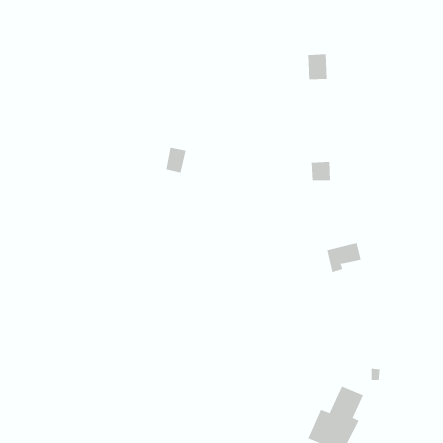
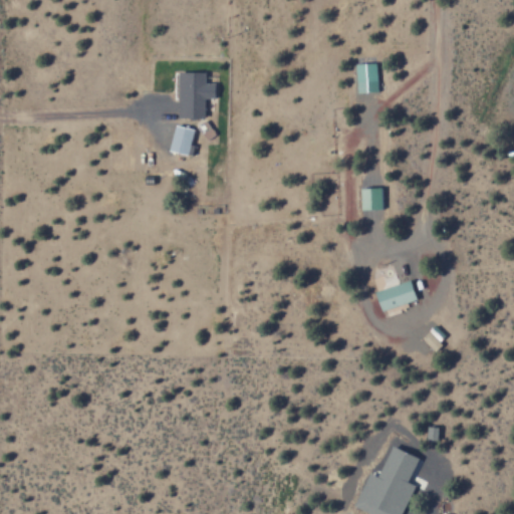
building: none -> [179,72,216,117]
building: [166,147,186,173] -> [171,125,195,156]

